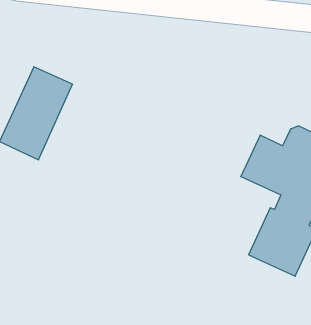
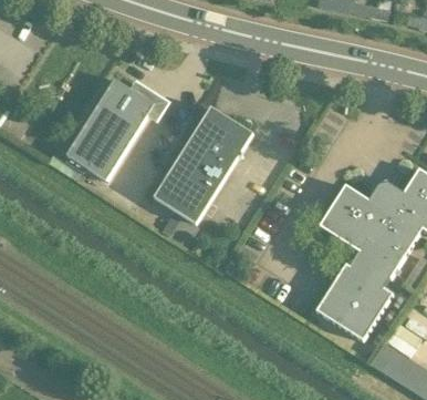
building: none -> [156,107,251,222]

